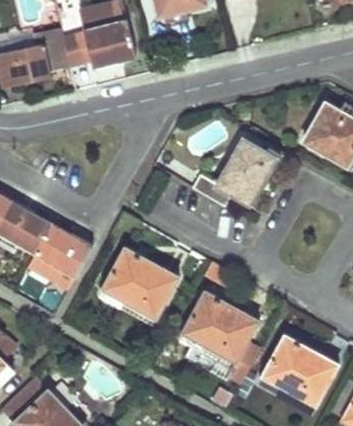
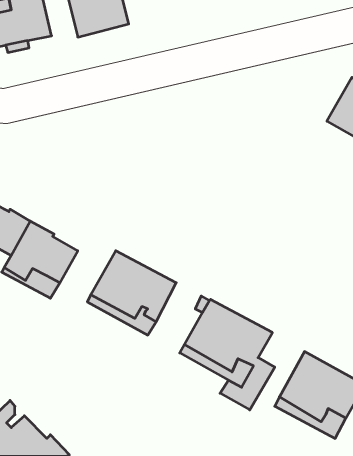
building: [192,139,275,204] -> none

